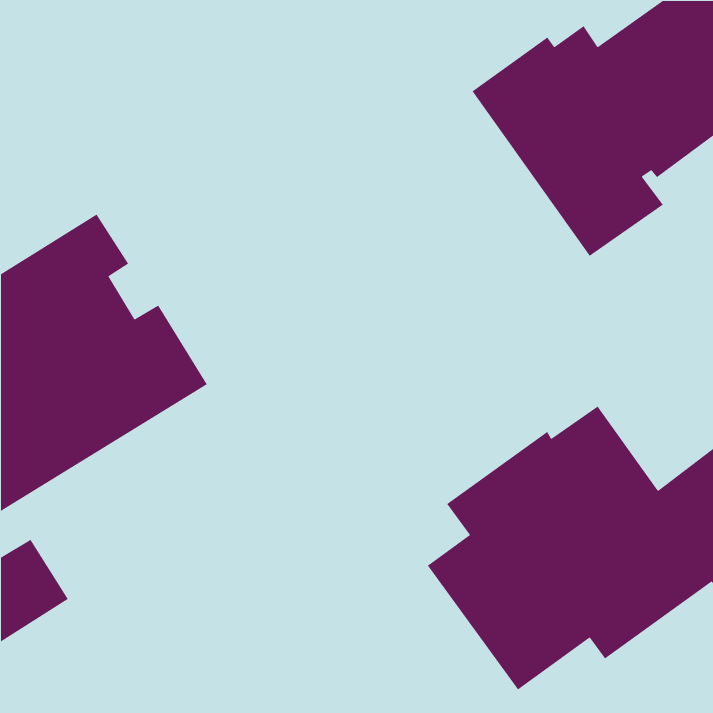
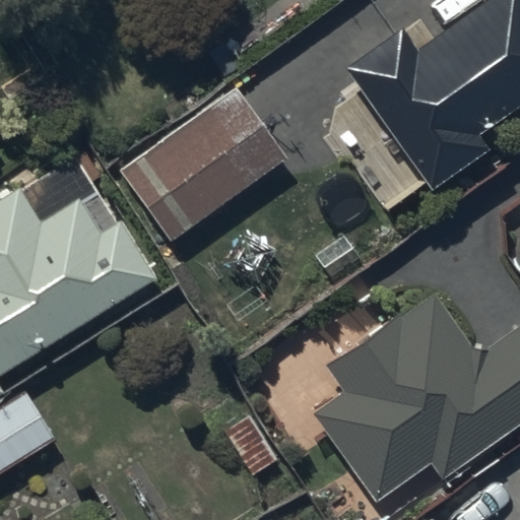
building: none -> [118,87,285,243]

